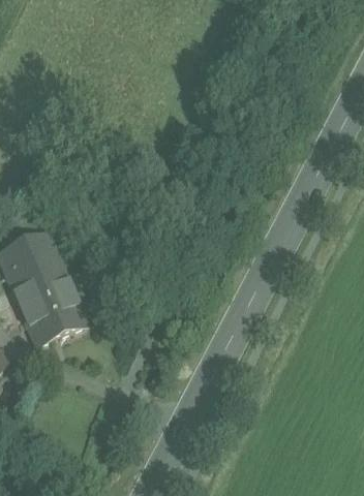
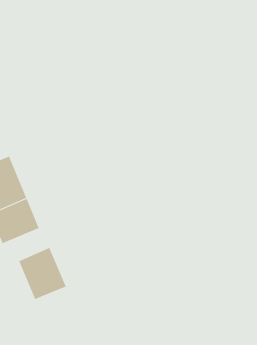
building: none -> [18,247,66,300]

